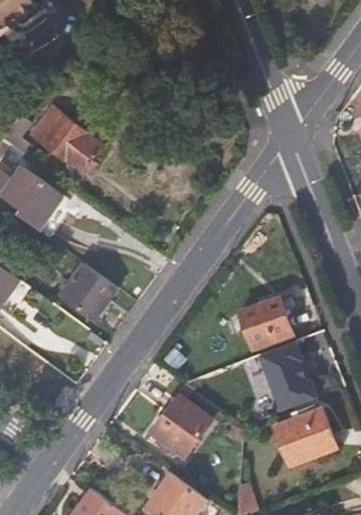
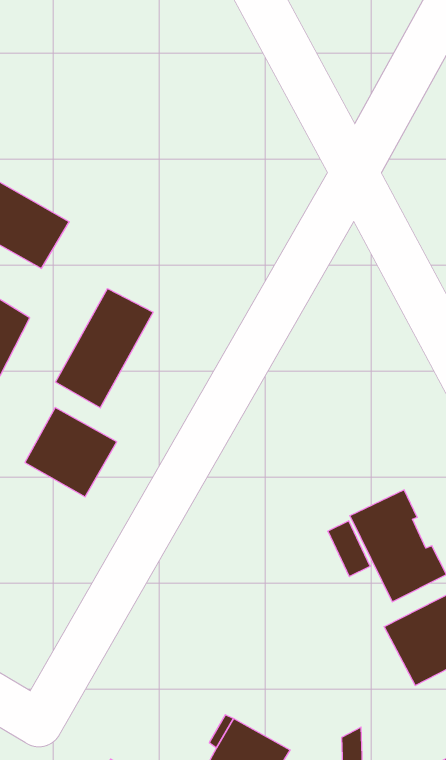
building: none -> [55,289,153,408]
building: [237,300,291,348] -> none
building: [148,393,212,460] -> none

